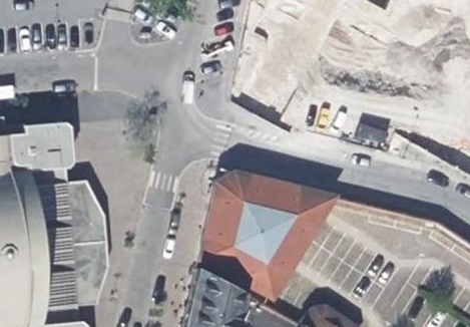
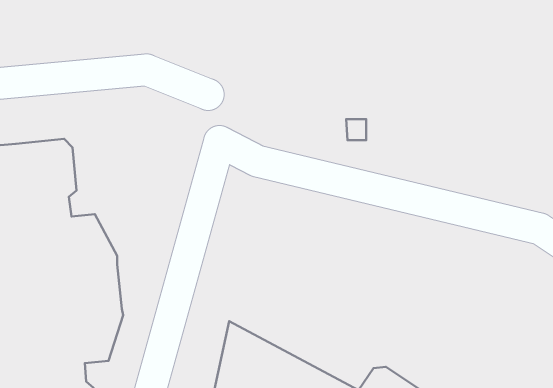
building: [199,173,339,298] -> none

